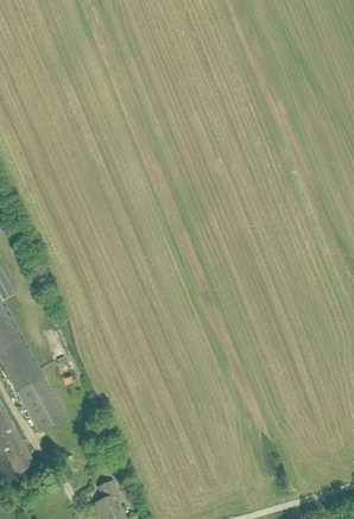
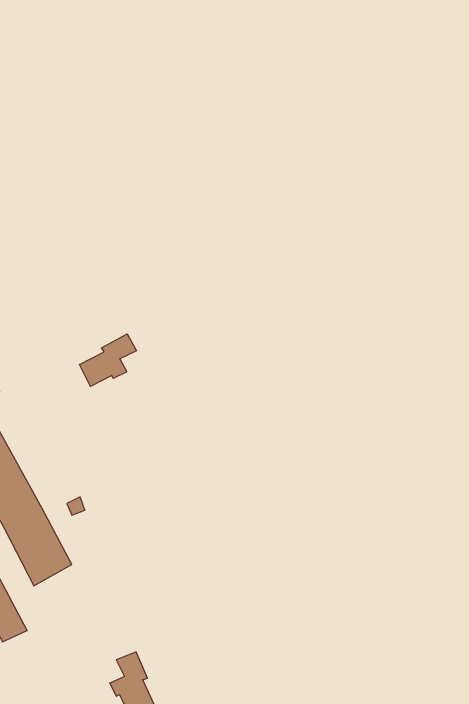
building: none -> [79,334,137,386]

